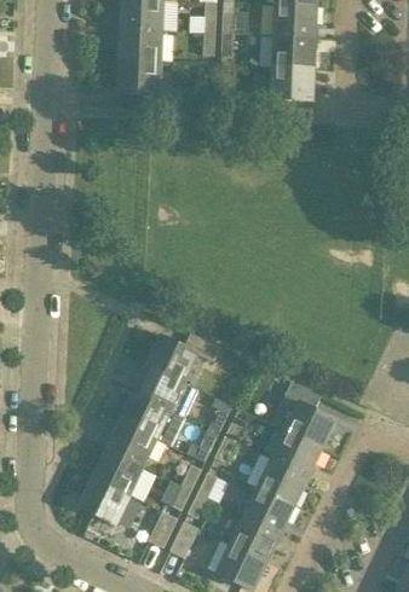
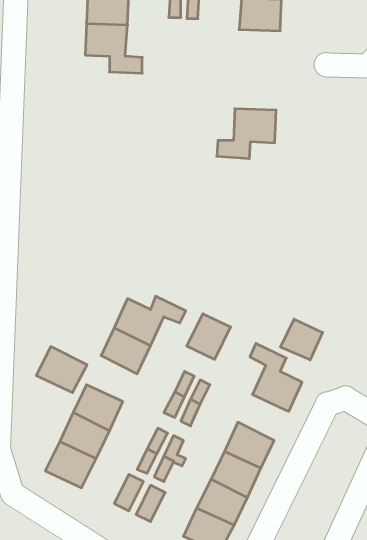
building: [254,66,313,116] -> [217,109,276,159]
building: none -> [187,314,231,359]
building: none -> [281,319,323,360]
building: [120,391,171,437] -> [36,347,87,393]
building: [271,430,322,476] -> none

